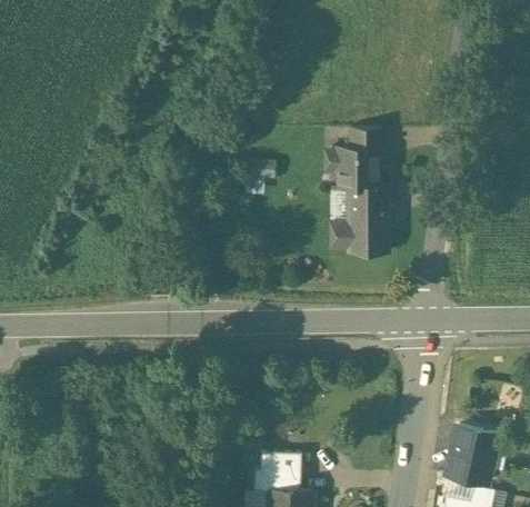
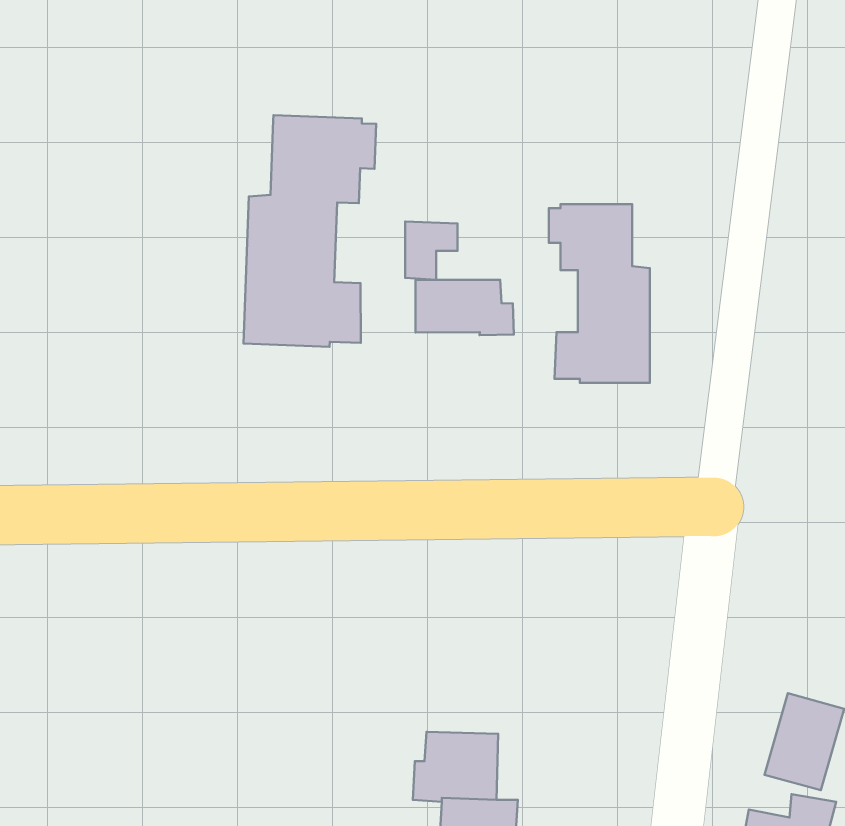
building: none -> [243,115,376,347]
building: [344,128,377,151] -> none
building: none -> [416,280,514,335]

